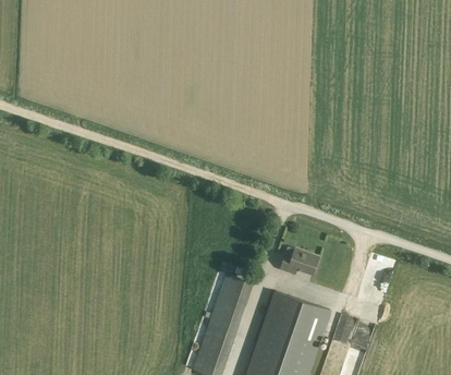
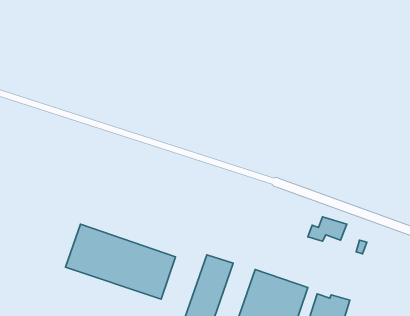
building: none -> [66,224,176,299]
building: [278,251,318,276] -> [308,217,347,241]

